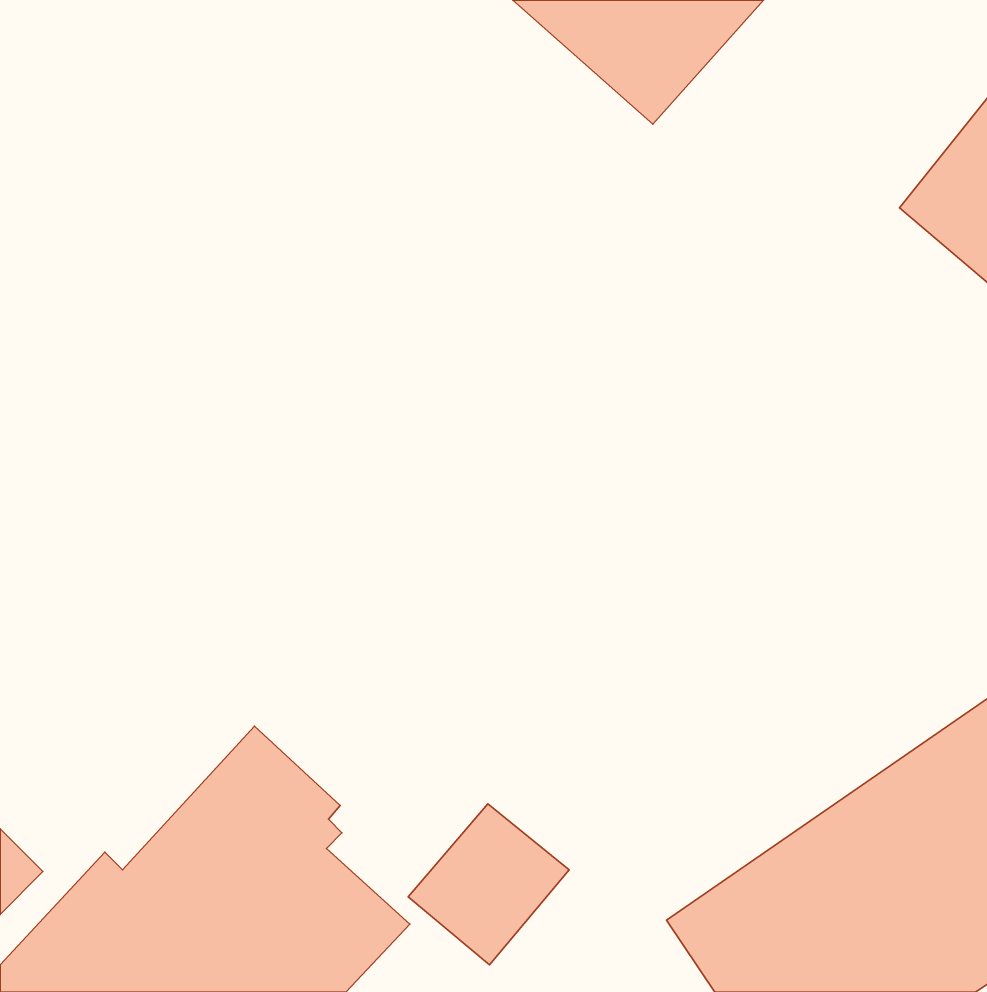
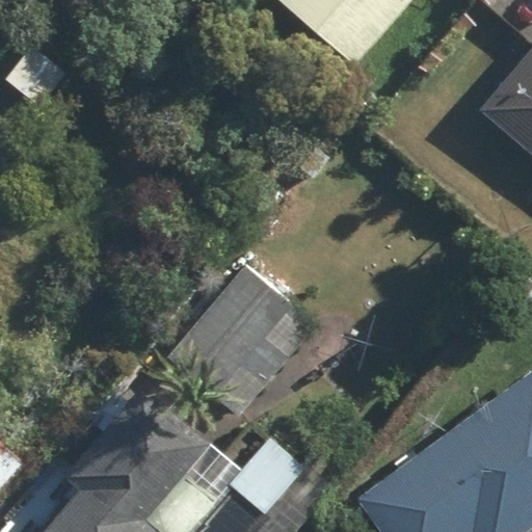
building: none -> [169,261,325,420]

